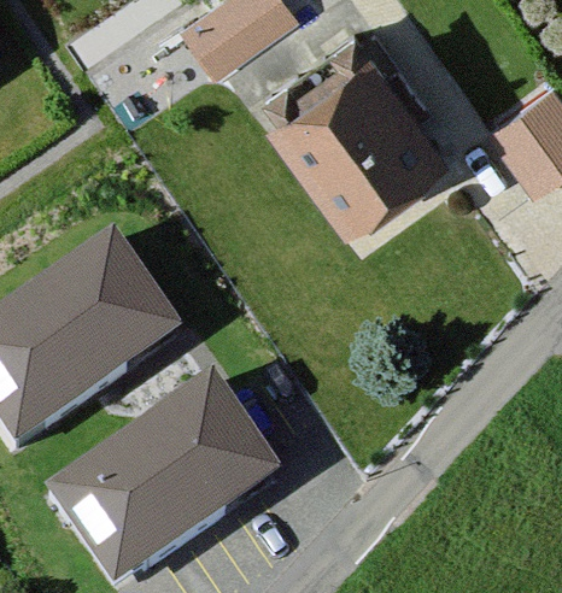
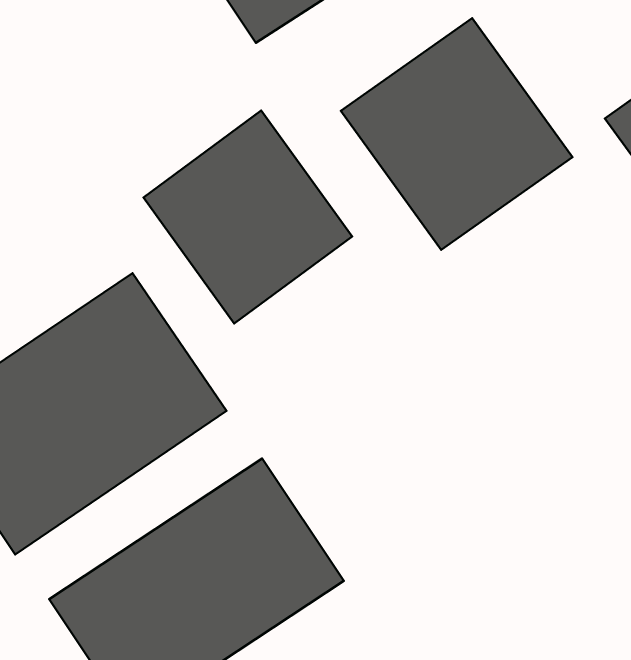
building: none -> [144,111,352,323]

